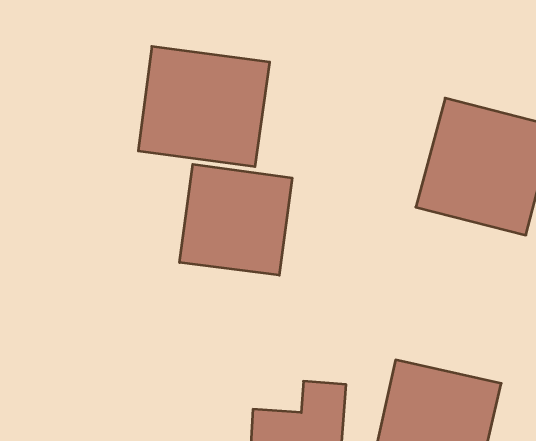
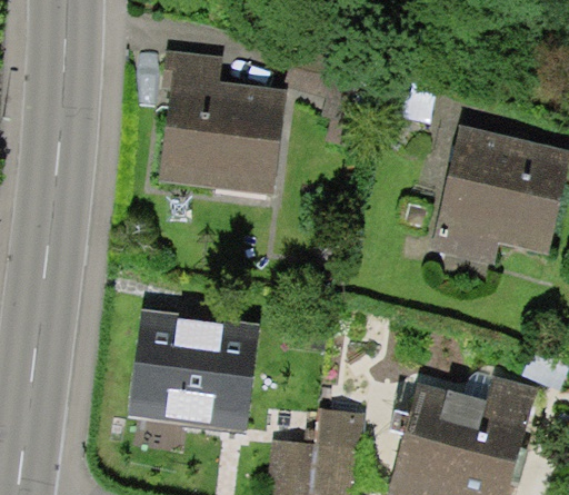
building: [180,164,292,275] -> none
building: none -> [133,314,251,426]

